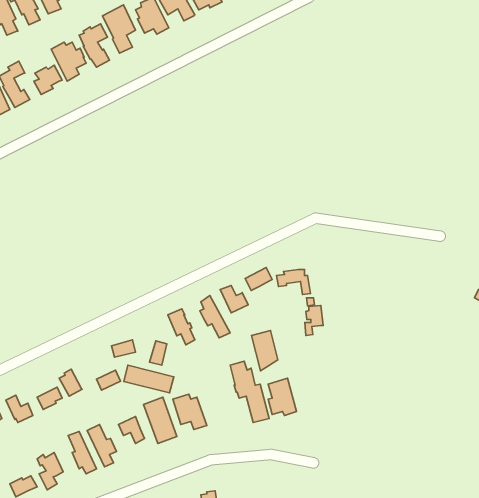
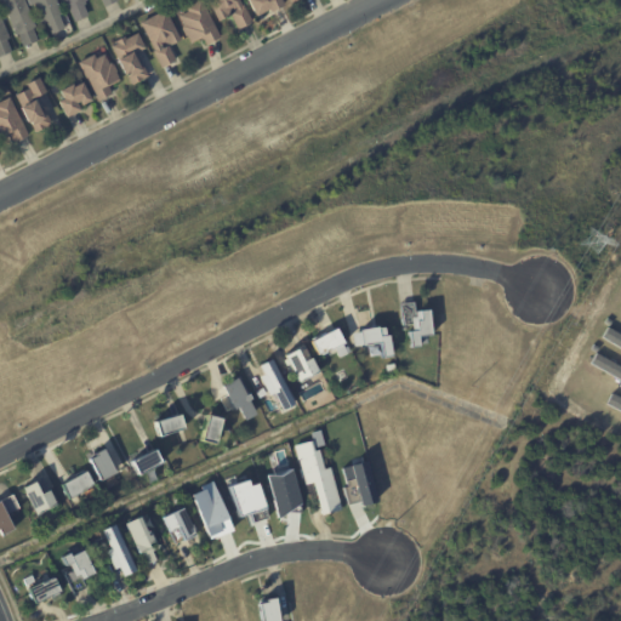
building: [305,305,323,336] -> [410,310,432,347]
building: [252,331,278,371] -> [267,466,298,514]
building: [124,365,174,393] -> none

